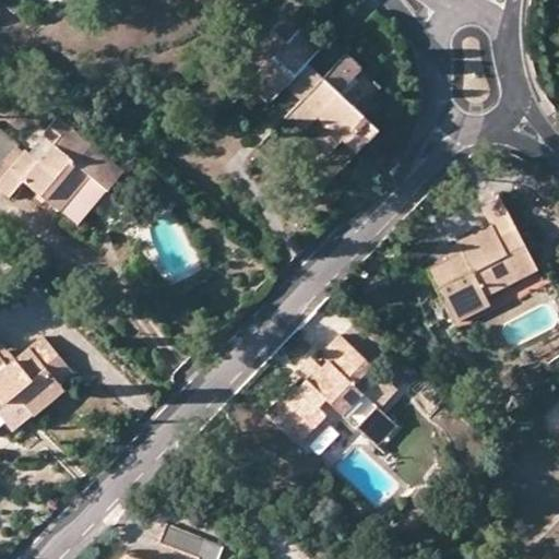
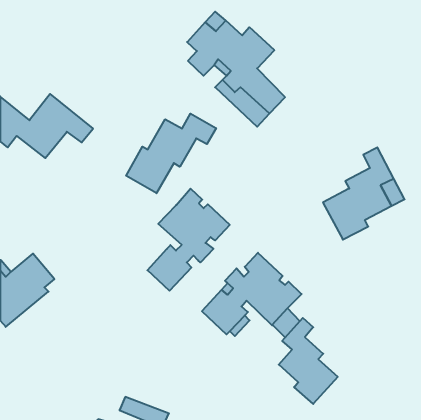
building: none -> [126,114,216,193]
building: [60,176,108,226] -> none
building: none -> [147,189,230,291]
building: none -> [279,318,338,404]

